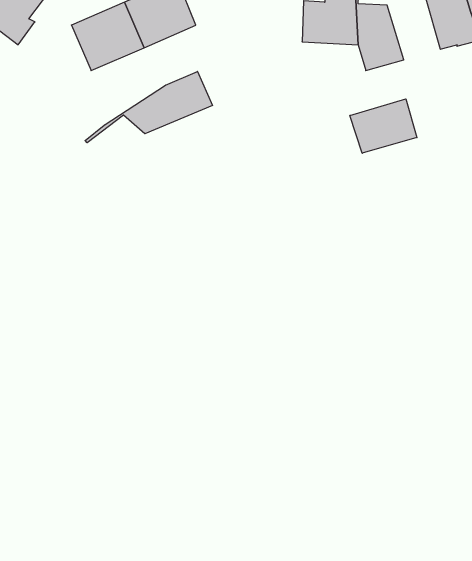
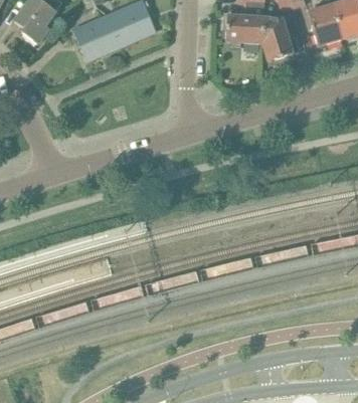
building: [85,71,213,143] -> none
building: [350,99,417,153] -> none

